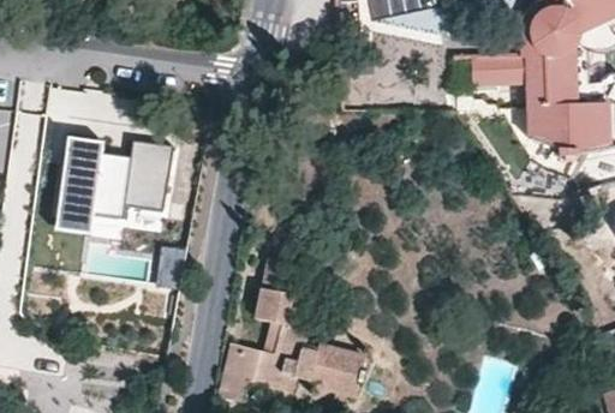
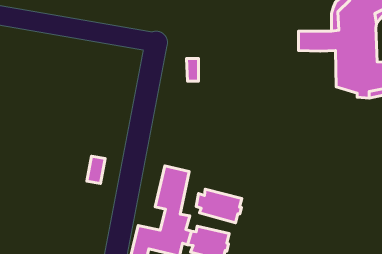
building: [53,144,171,232] -> none
building: none -> [196,189,242,223]

